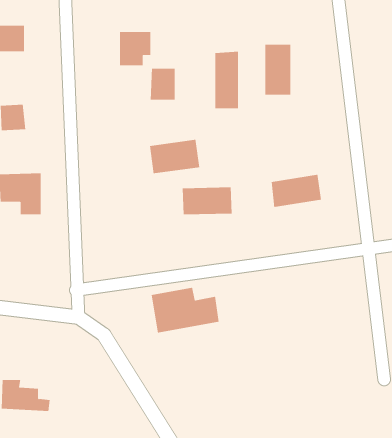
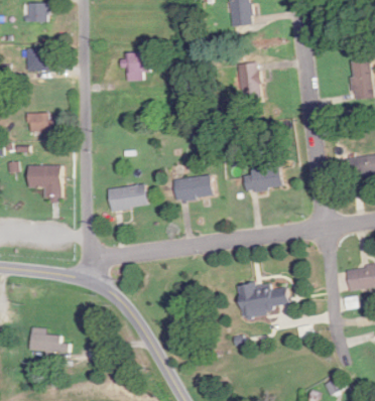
building: [215,51,238,109] -> none
building: [150,68,175,101] -> none
building: [149,139,200,174] -> [107,184,147,212]
building: [151,287,220,333] -> [236,280,290,316]

